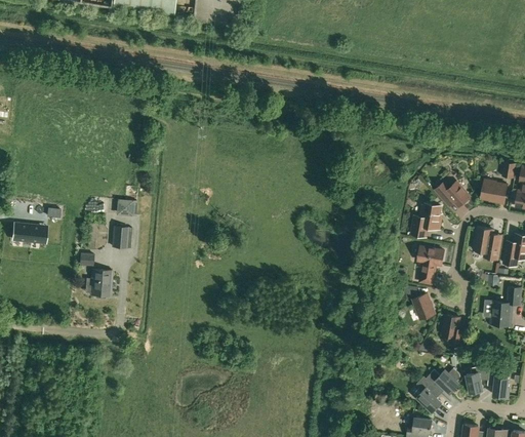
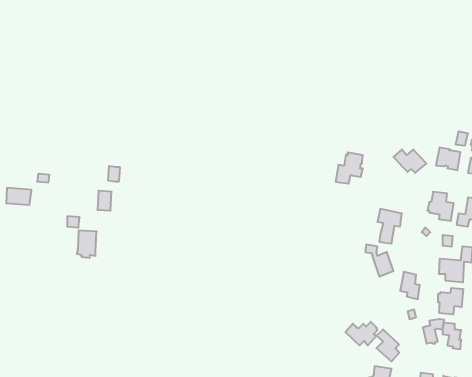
building: [411,202,441,236] -> [336,152,363,184]
building: none -> [438,288,463,315]
building: [426,367,460,393] -> [345,322,377,345]

